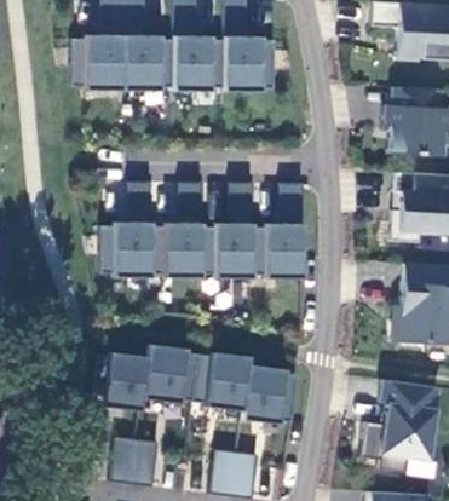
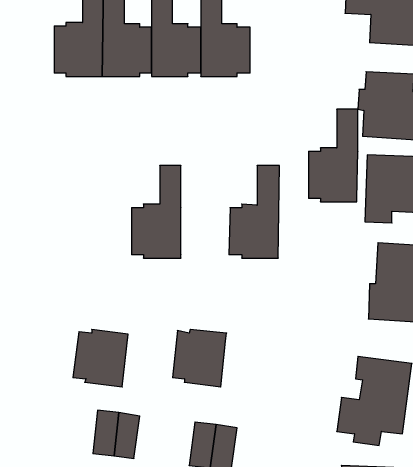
building: [100,182,151,277] -> none
building: [202,182,253,277] -> [309,109,358,202]
building: [143,344,198,403] -> none
building: [242,363,299,422] -> none

